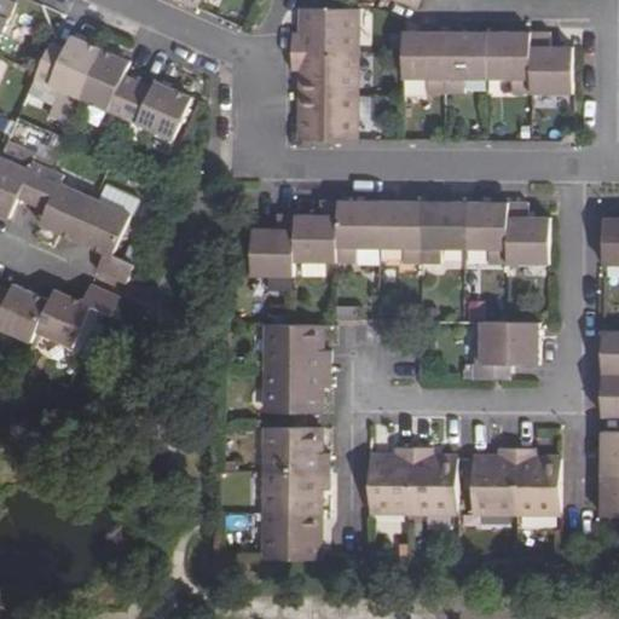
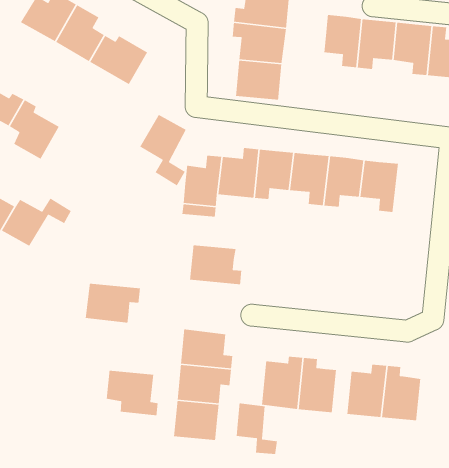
building: [74,198,133,284] -> [139,114,187,187]
building: [505,203,548,264] -> none
building: [463,320,539,380] -> none
building: [266,369,330,413] -> [85,283,141,324]
building: none -> [106,370,158,416]
building: none -> [236,402,278,455]

